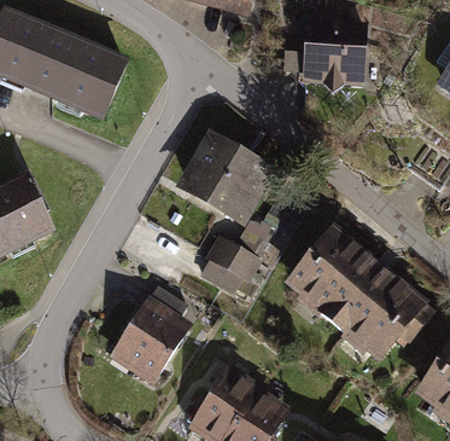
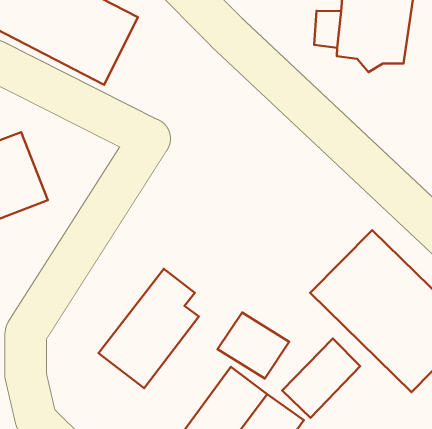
building: [180,134,279,230] -> none
building: [200,239,263,296] -> [217,312,289,379]
building: none -> [282,339,360,418]

